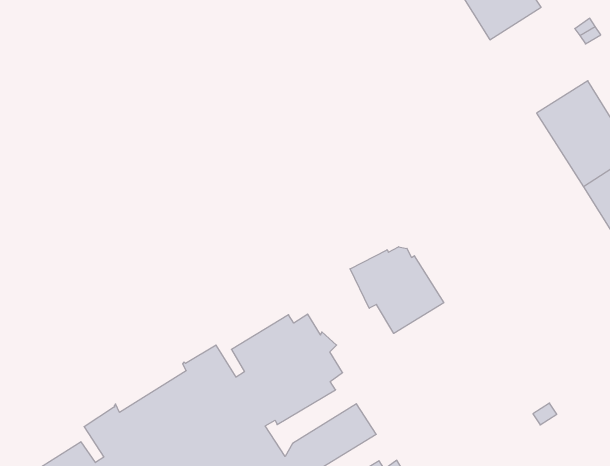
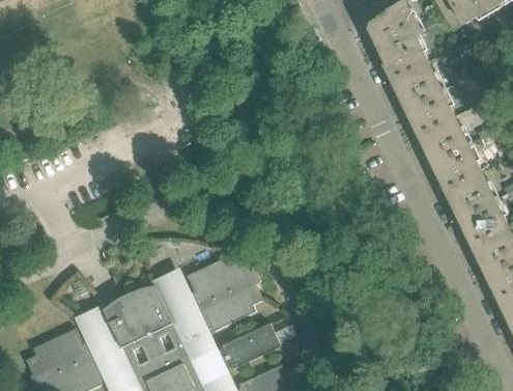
building: none -> [391,60,456,134]
building: [350,247,444,333] -> none

